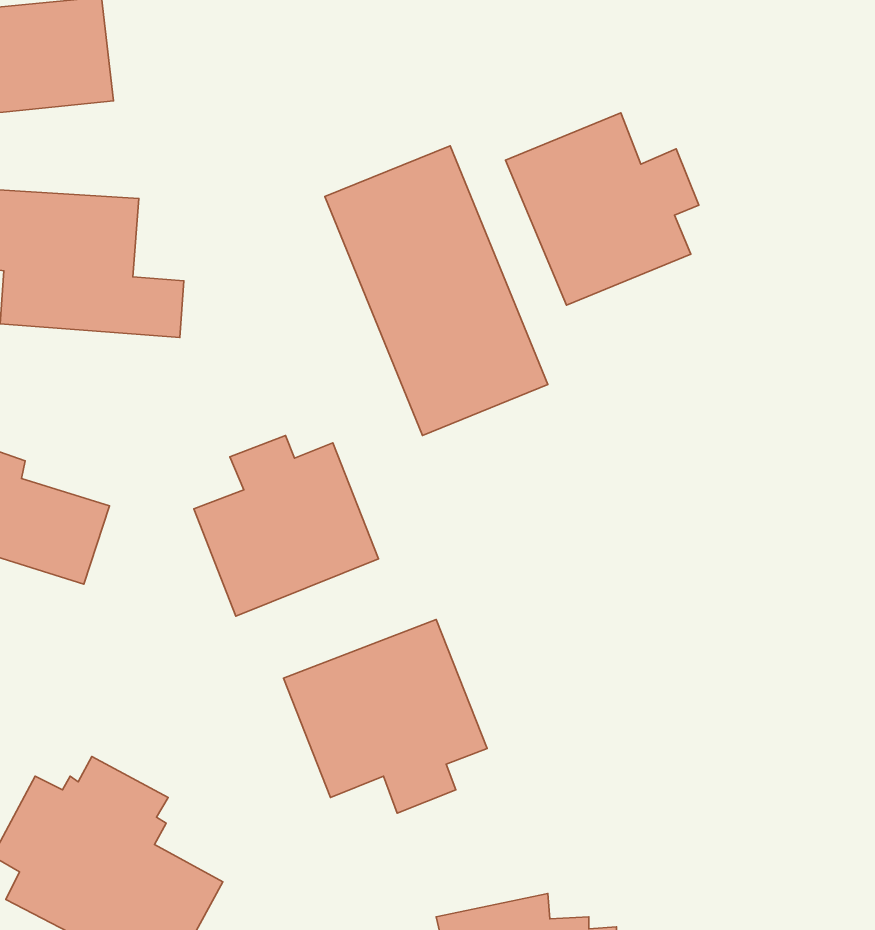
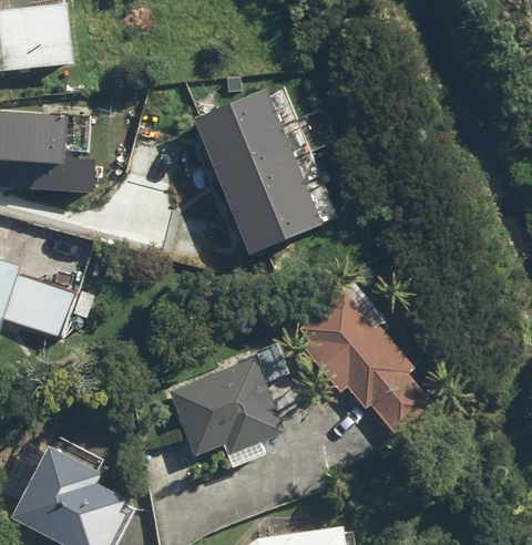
building: [506,113,699,305] -> none
building: [194,436,378,616] -> none
building: none -> [299,279,437,439]

